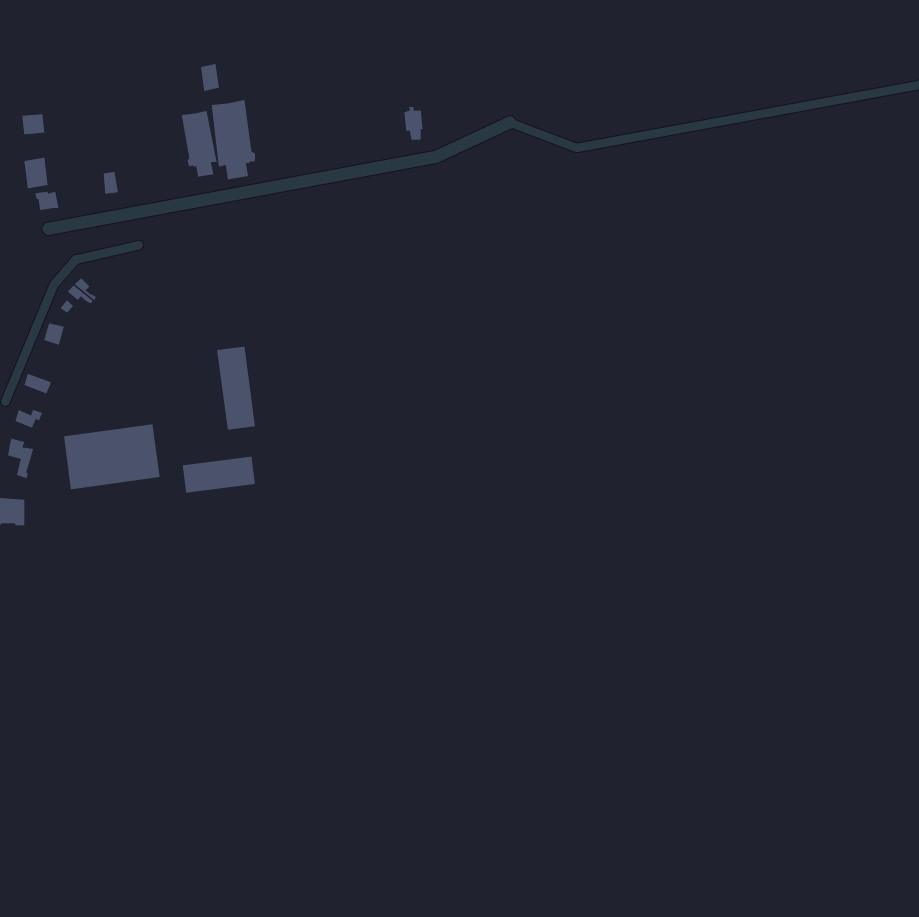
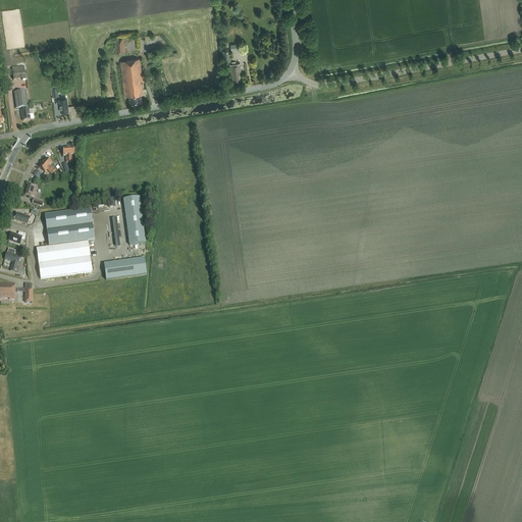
building: [181,110,217,177] -> none
building: none -> [44,207,94,244]

